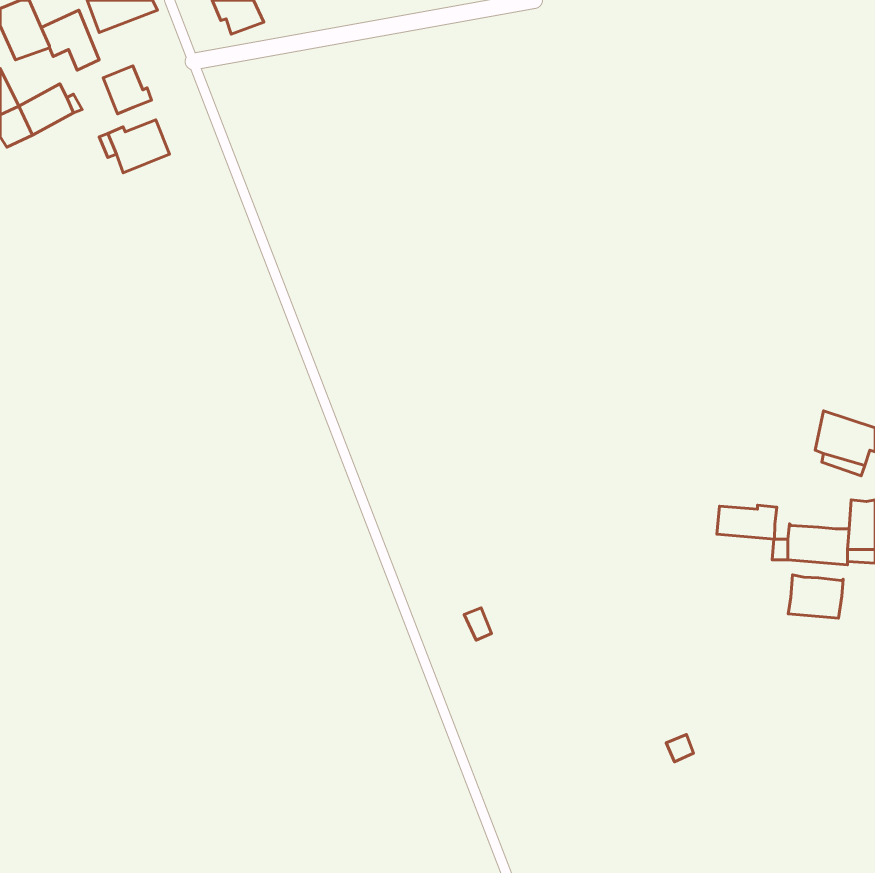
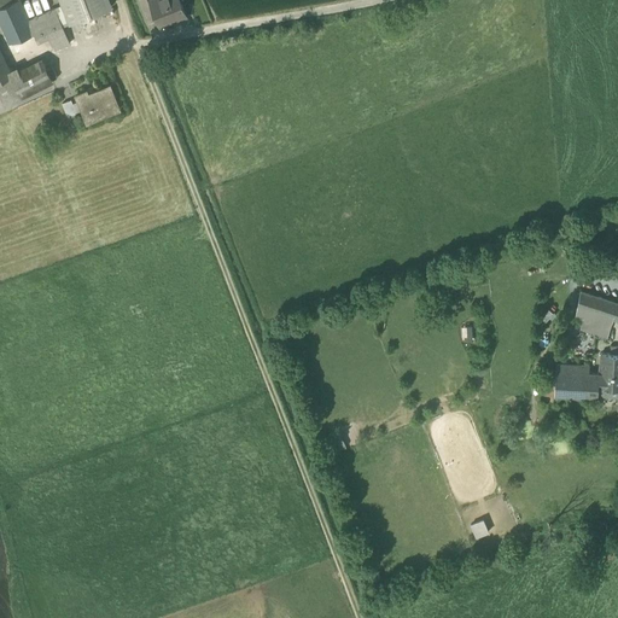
building: [103,66,151,114] -> none
building: [717,505,777,539] -> none
building: [788,575,843,618] -> none

